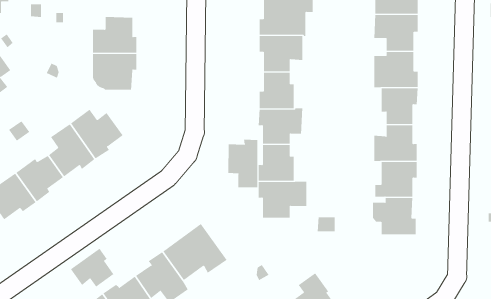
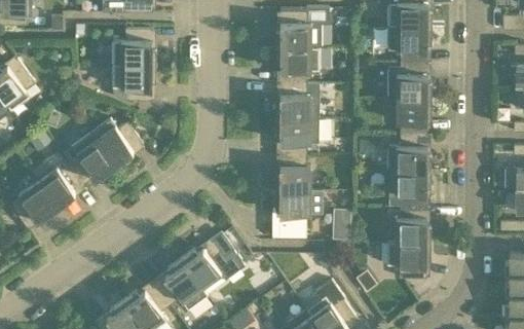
building: [228,139,258,188] -> none
building: none -> [386,243,429,279]
building: [70,248,114,287] -> none

